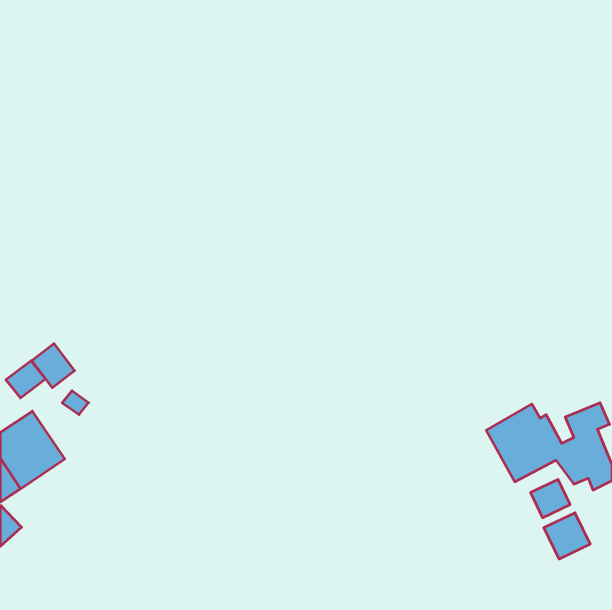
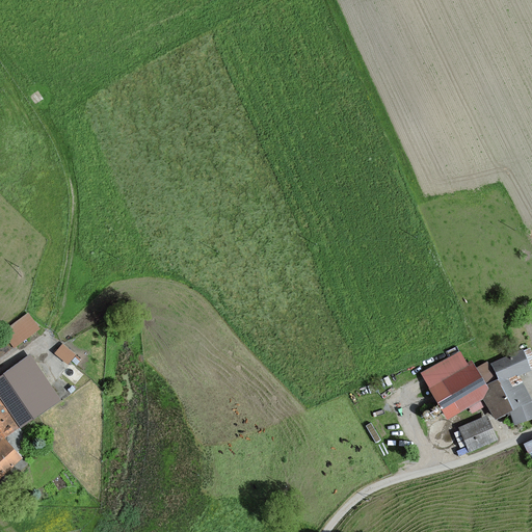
building: [32,344,75,388] -> none
building: [544,513,590,559] -> none

